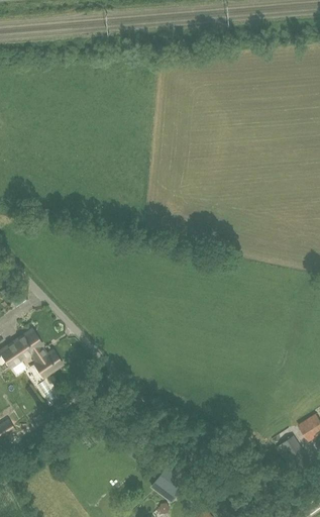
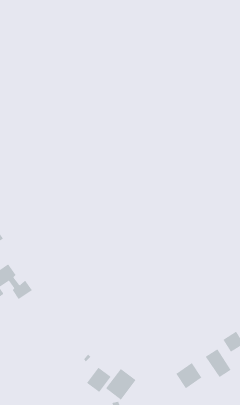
building: none -> [175,362,202,389]
building: none -> [86,367,111,393]

